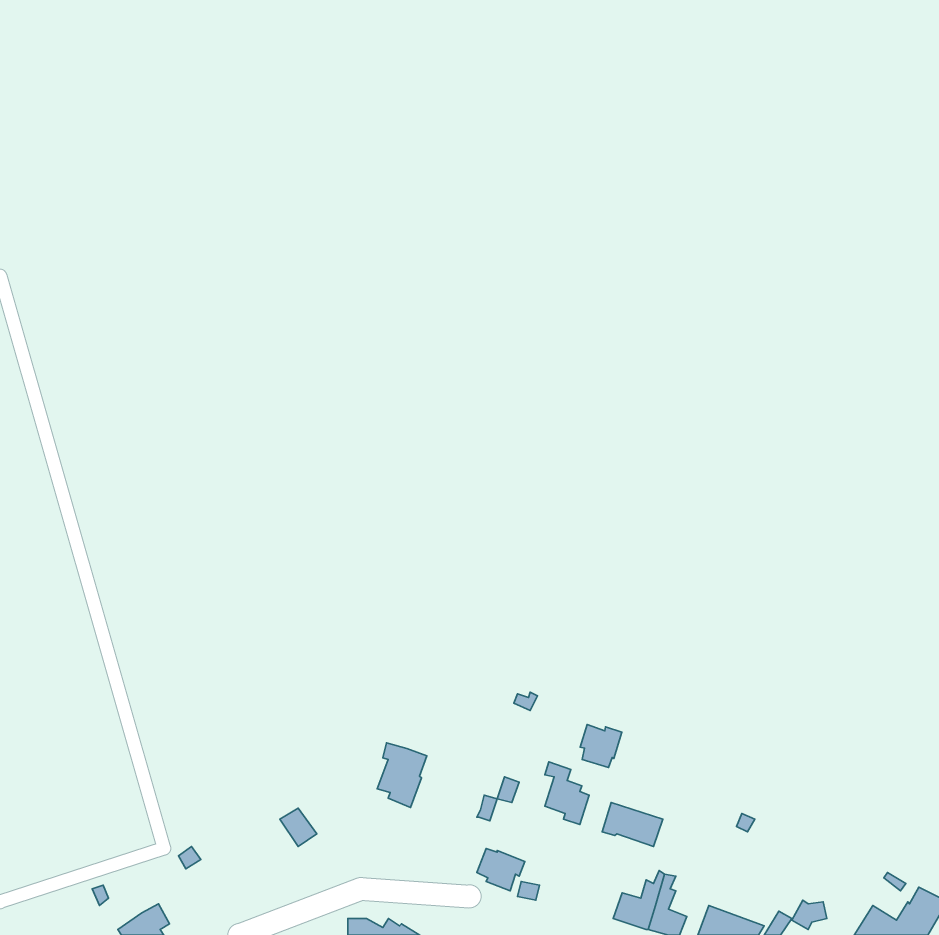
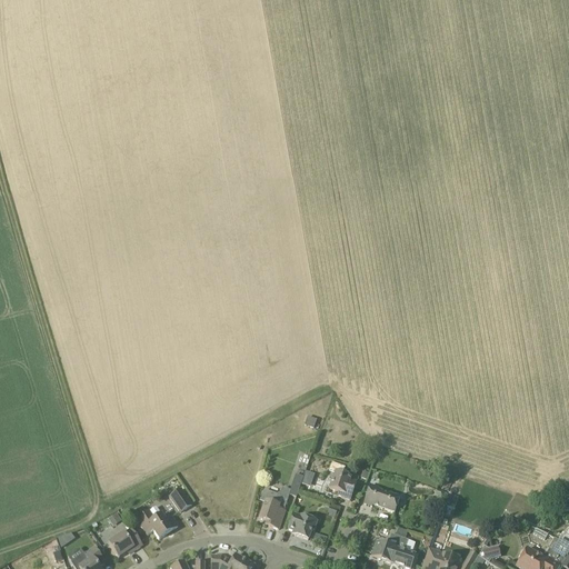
building: [580,724,622,768] -> none
building: [377,743,427,807] -> [259,489,289,528]
building: none -> [136,506,179,538]
building: none -> [109,527,142,557]

